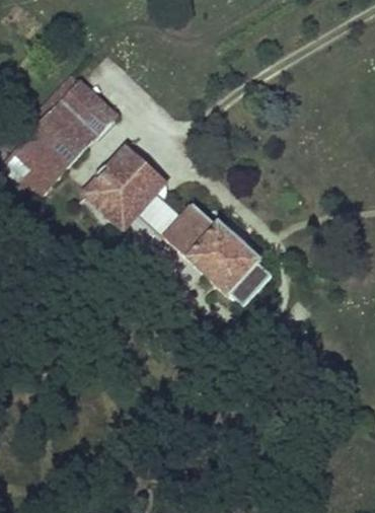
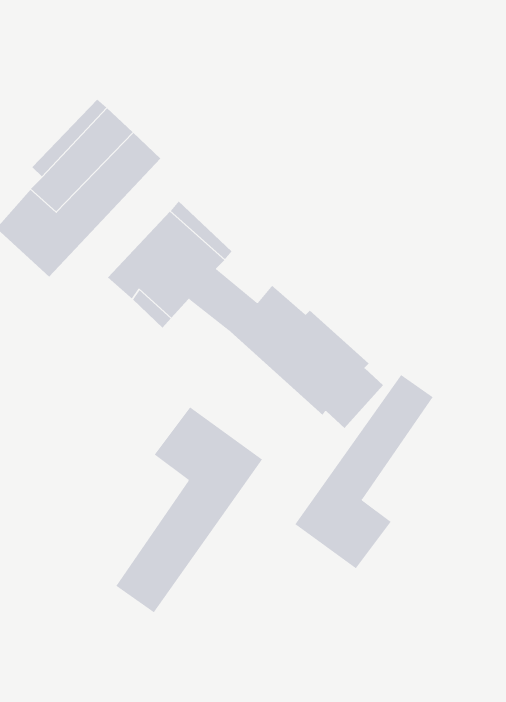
building: none -> [295,374,434,569]
building: none -> [115,406,263,613]

